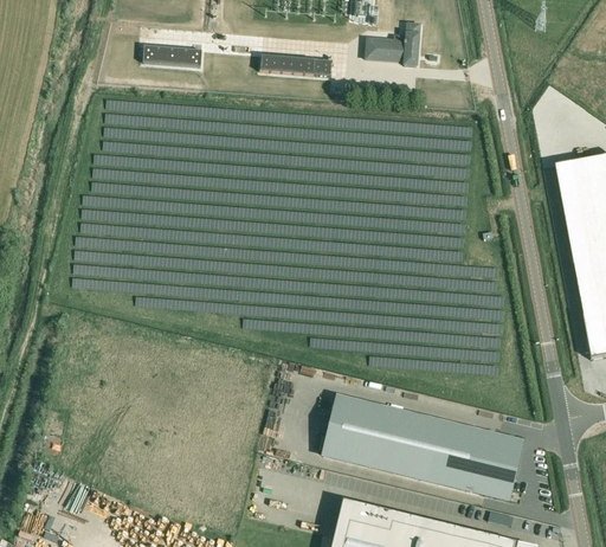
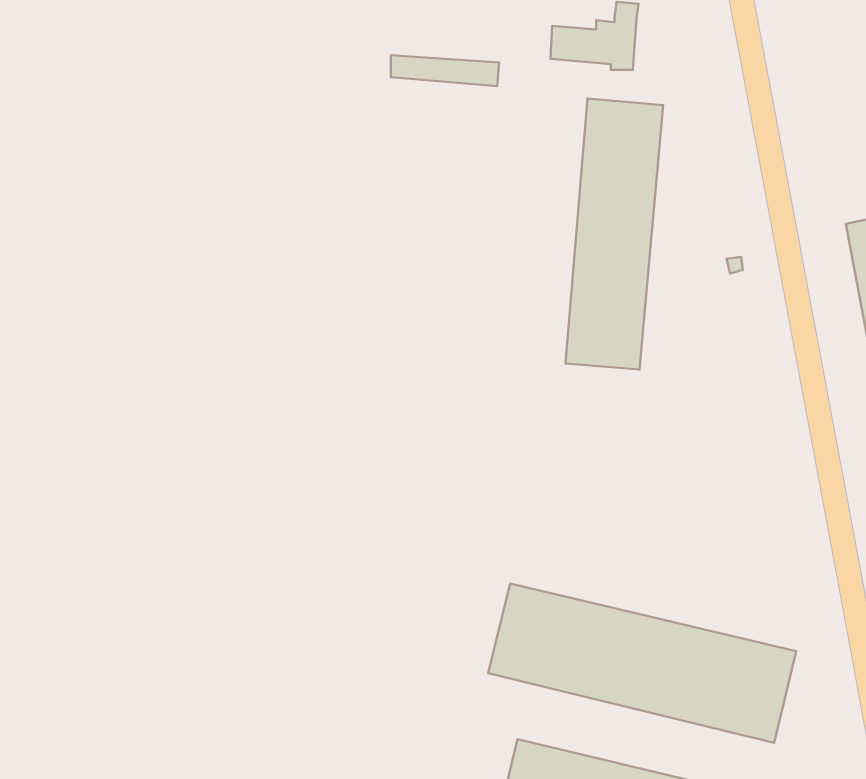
building: [143,46,202,66] -> none
building: none -> [566,98,663,369]

